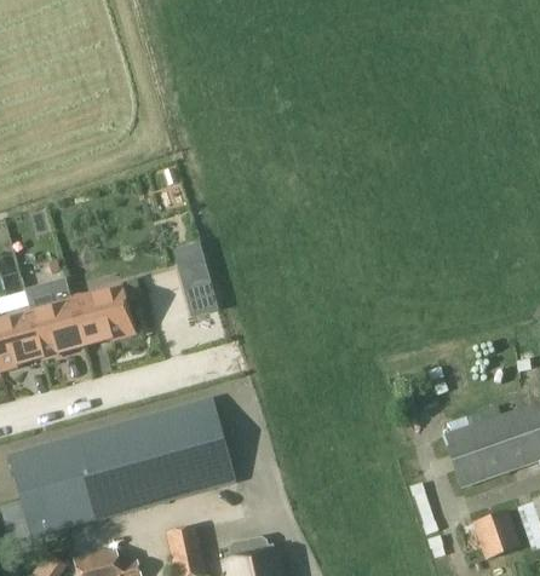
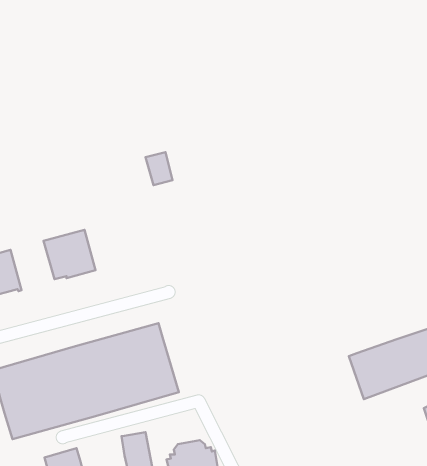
building: [180,257,213,296] -> [146,152,173,185]
building: [25,276,85,356] -> none
building: [472,511,519,558] -> none

